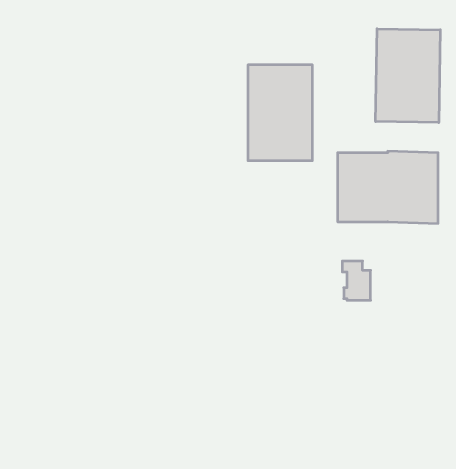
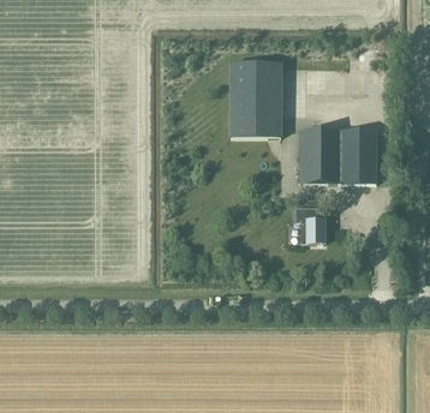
building: [376,29,440,123] -> none

